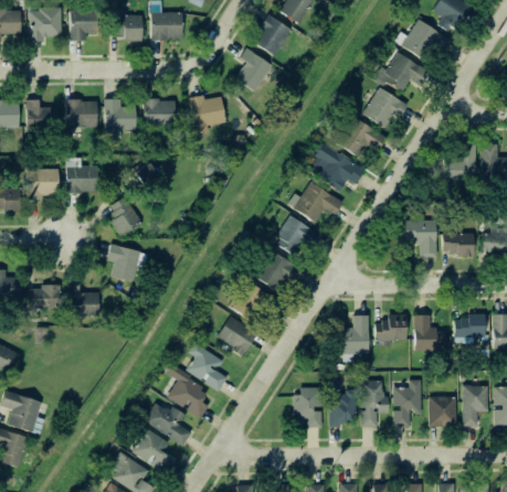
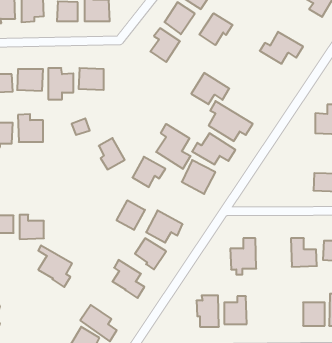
building: [394,20,450,61] -> none
building: none -> [199,13,232,45]
building: [363,88,408,128] -> none
building: [188,95,225,136] -> none
building: [337,118,385,158] -> [191,73,229,104]
building: none -> [156,124,191,169]
building: [108,196,141,236] -> [99,138,125,169]
building: [403,221,436,257] -> none
building: [107,246,147,281] -> none
building: [257,253,299,291] -> [132,157,165,187]
building: none -> [117,200,145,230]
building: [374,314,406,341] -> none
building: [167,366,210,419] -> [38,245,72,287]
building: [360,381,385,428] -> none
building: [393,381,421,426] -> none

